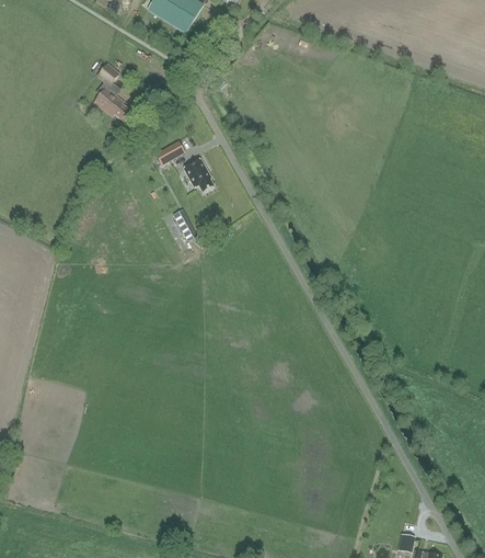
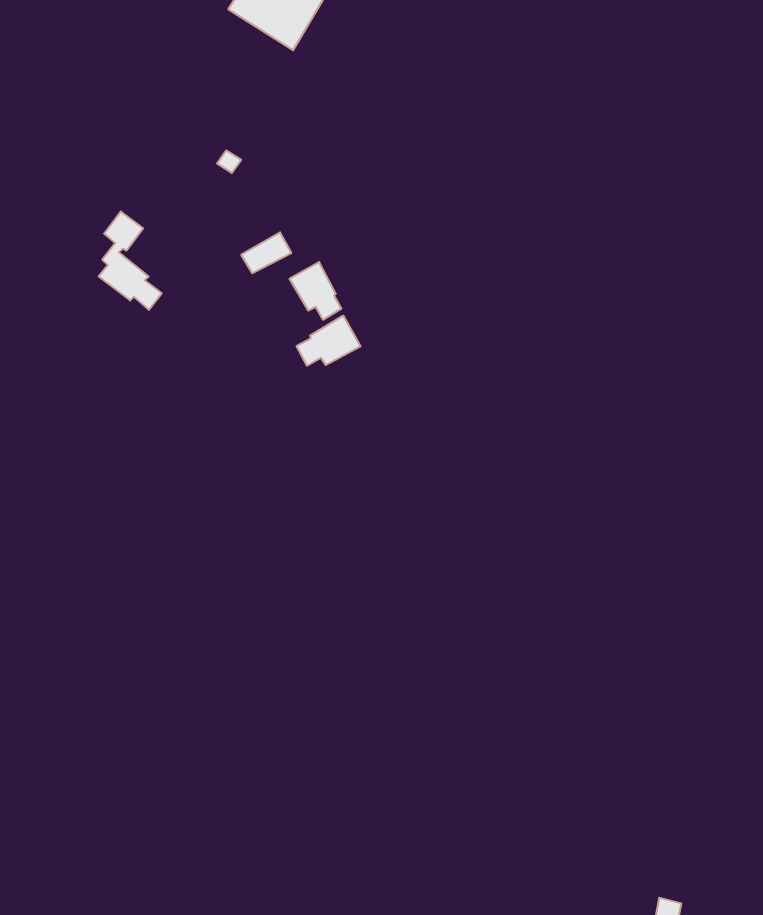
building: [94,62,131,121] -> [99,211,162,310]
building: none -> [297,316,361,366]

